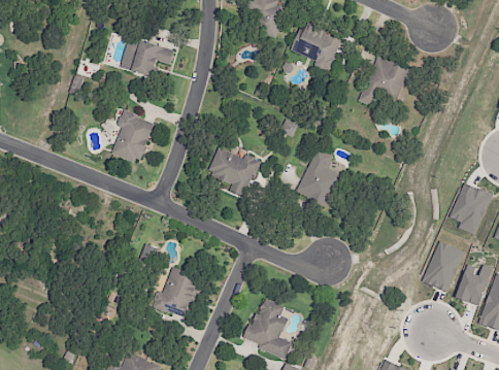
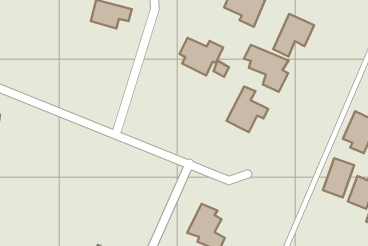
building: none -> [244,45,288,92]
building: [110,107,155,162] -> none
building: [208,148,264,197] -> [180,38,223,76]
building: [159,268,201,315] -> none

